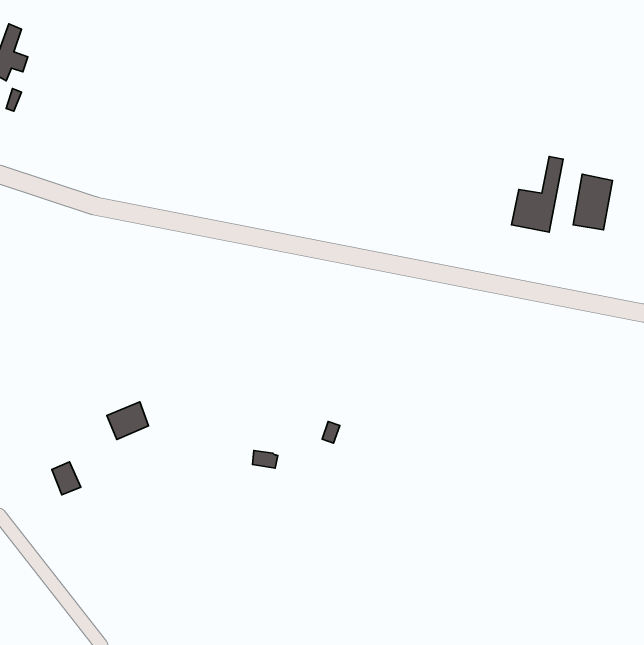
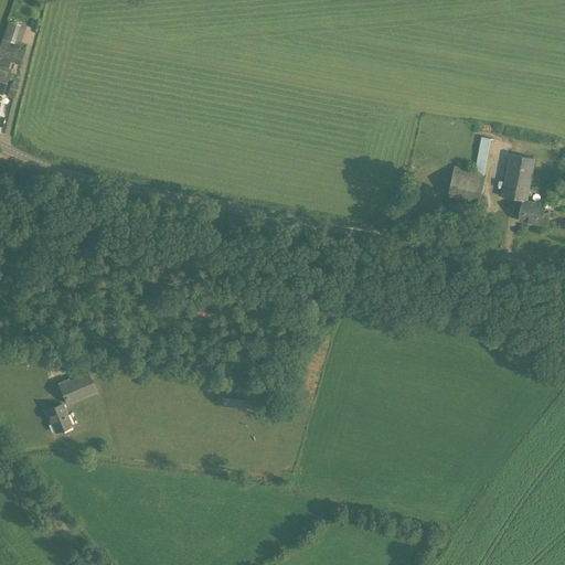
building: none -> [518,201,550,226]
building: [107,402,149,440] -> [57,372,94,405]

